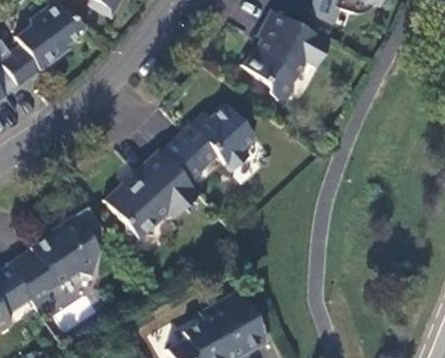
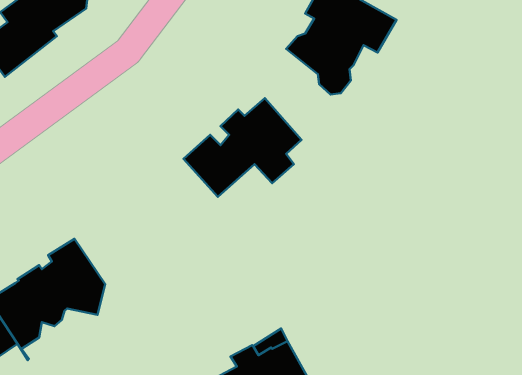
building: [103,148,199,233] -> none

